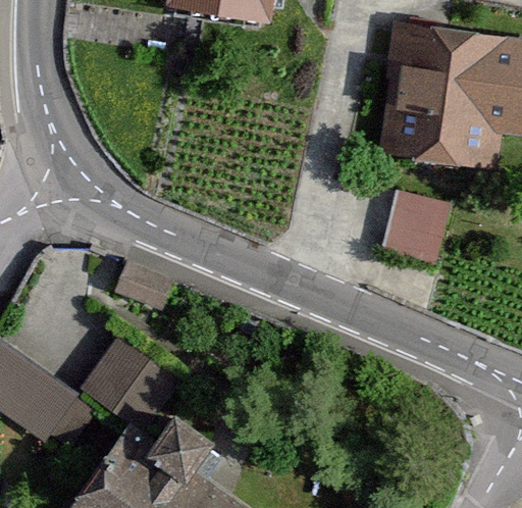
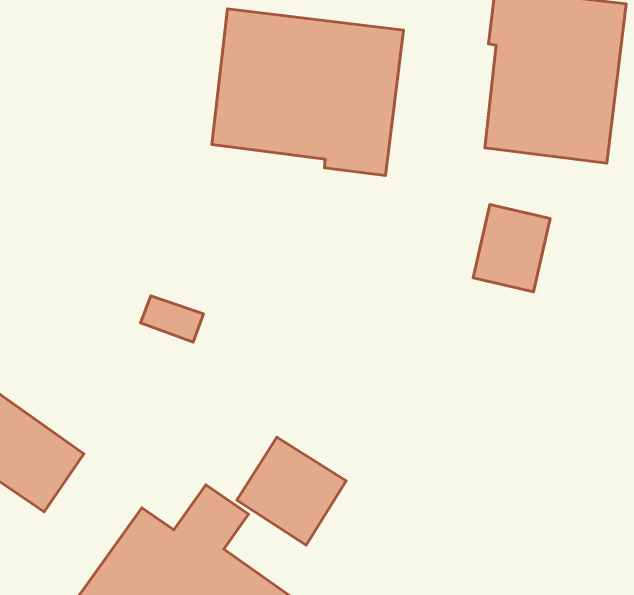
building: none -> [212,9,403,175]
building: [89,340,175,425] -> [237,437,346,545]

